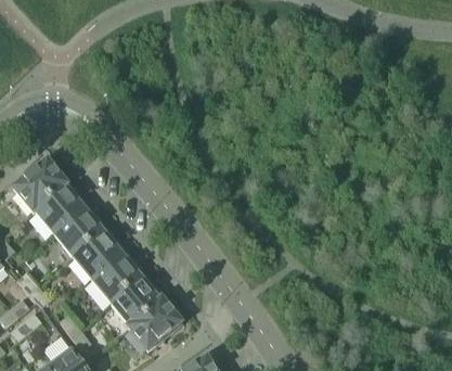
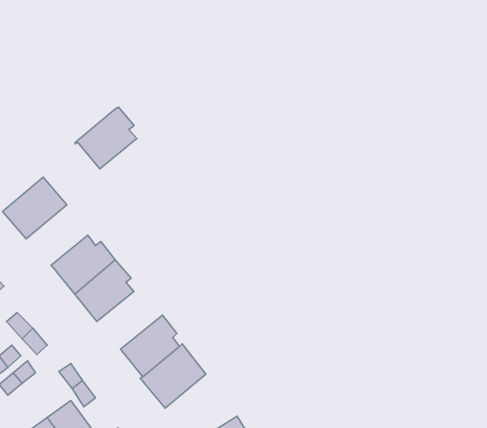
building: [33,182,83,233] -> [75,107,137,169]
building: [91,255,145,303] -> none

